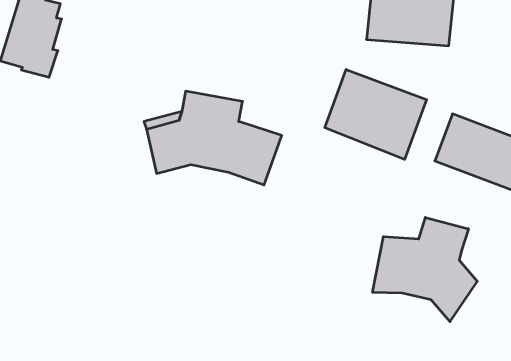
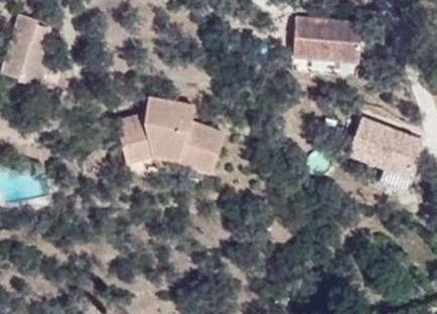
building: [325,69,427,159] -> none
building: [373,217,477,322] -> none

